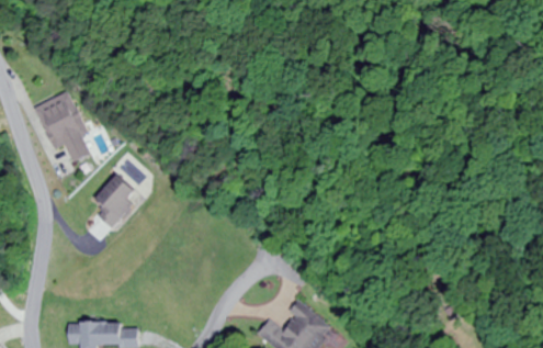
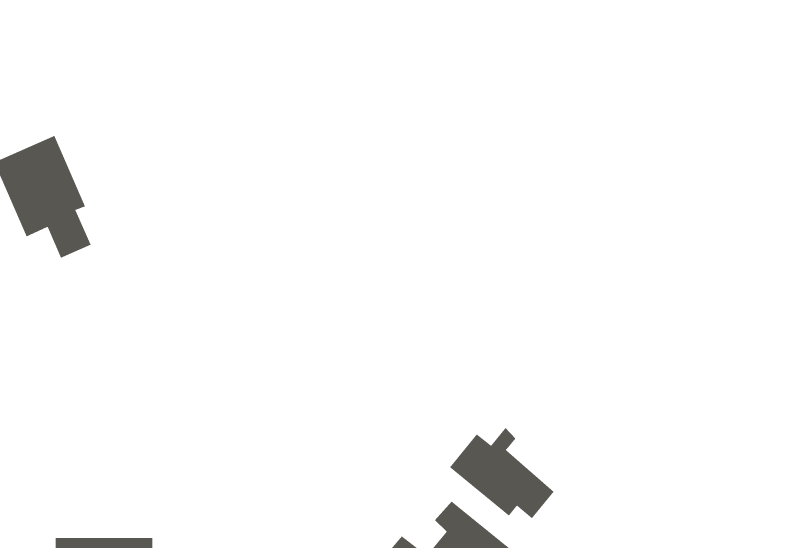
building: [93,175,140,225] -> none
building: none -> [449,427,554,519]

